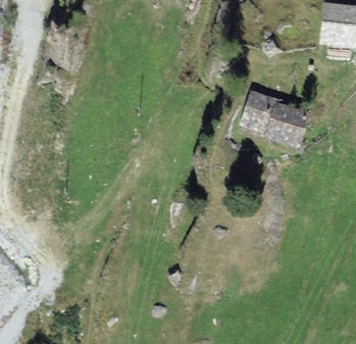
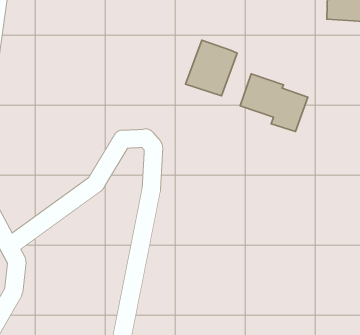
building: none -> [186,40,237,96]

